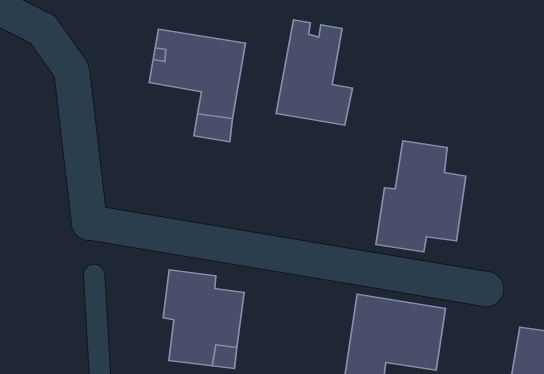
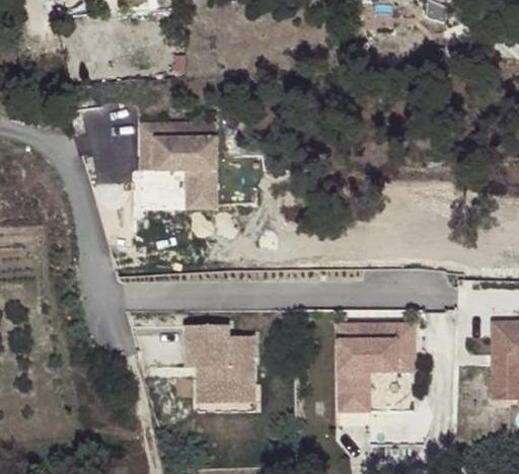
building: [276,20,352,125] -> none
building: [376,141,466,252] -> none

